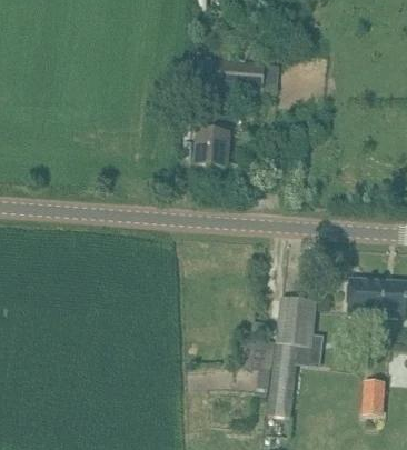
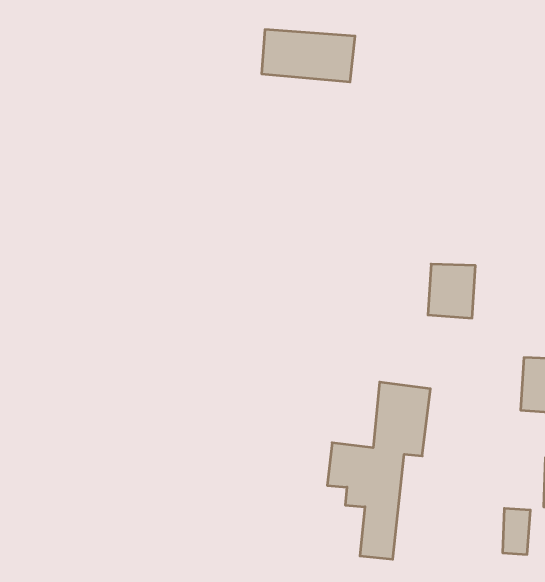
building: [197,114,229,167] -> none
building: [348,278,380,314] -> [428,264,475,318]

